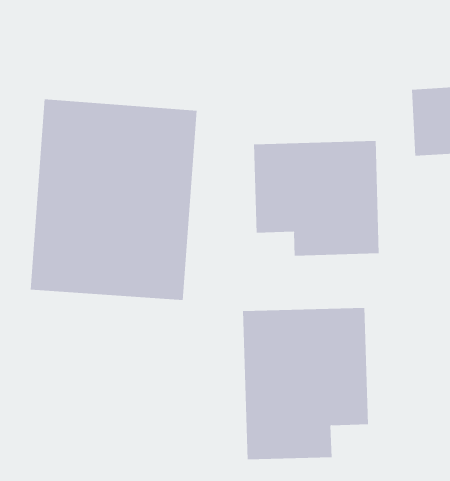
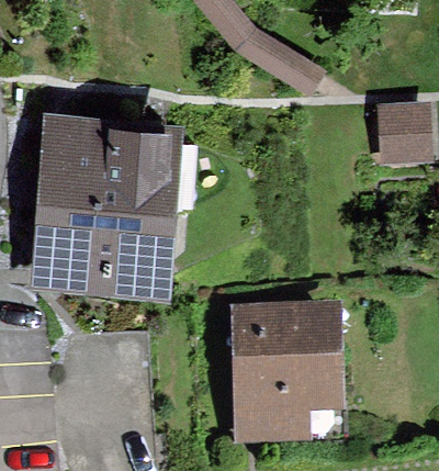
building: [254,140,379,256] -> none

